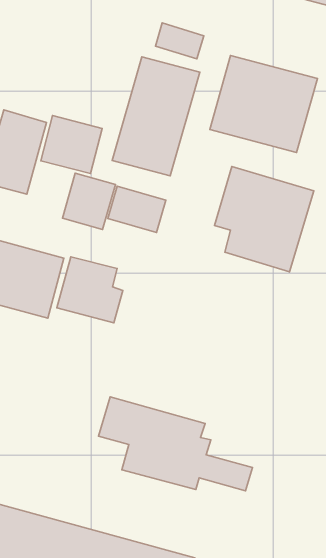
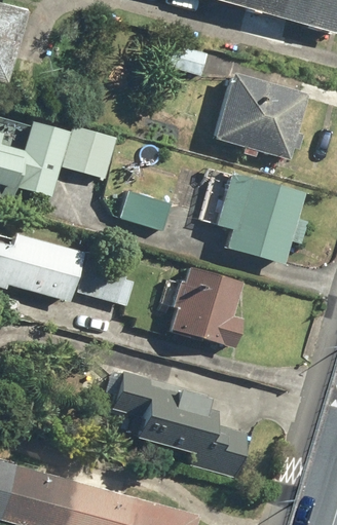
building: [112,57,200,176] -> none
building: [62,173,115,230] -> none
building: none -> [170,265,242,350]

